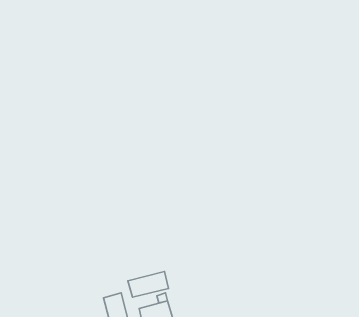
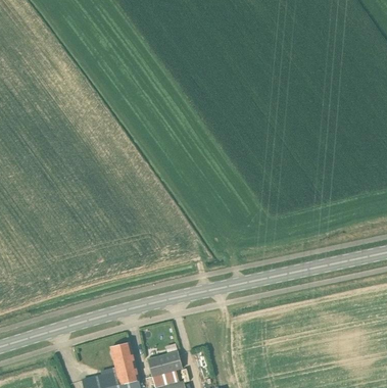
building: [128,271,168,297] -> none

